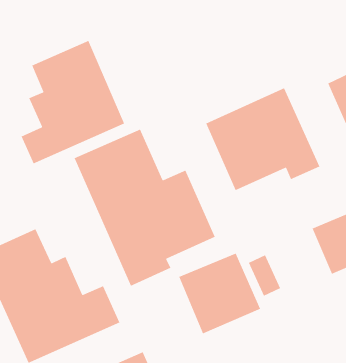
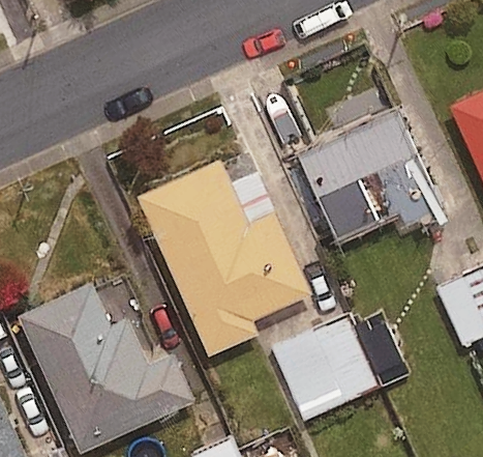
building: [21,40,125,165] -> none

